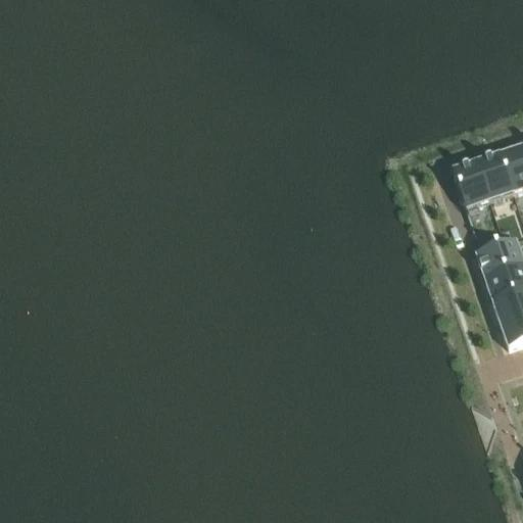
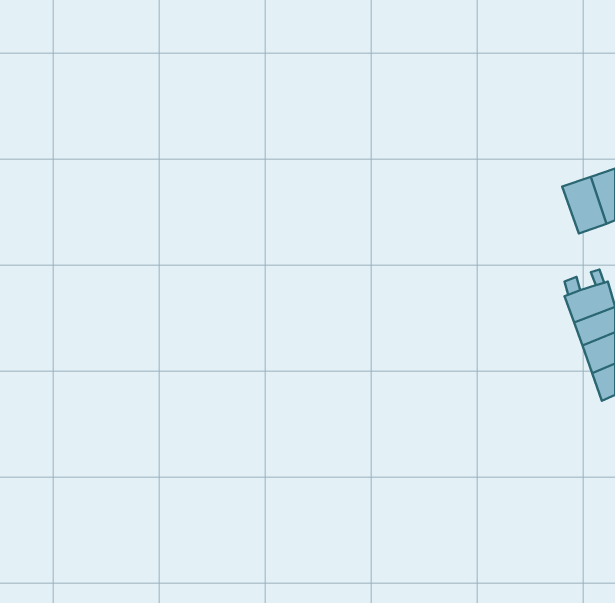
building: [454,158,491,206] -> none

